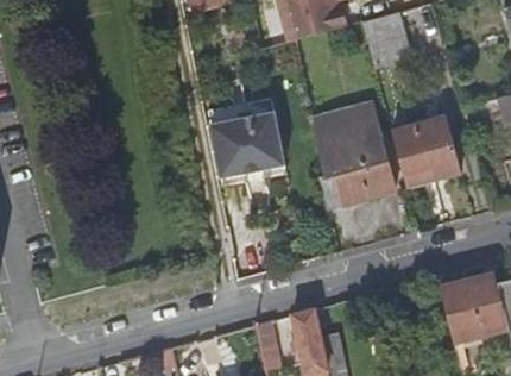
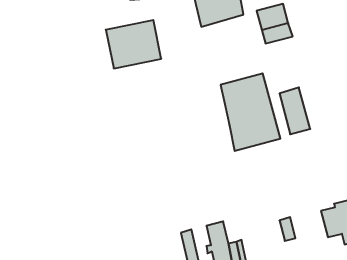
building: [209,107,284,173] -> [106,20,161,68]
building: [416,119,458,182] -> none

